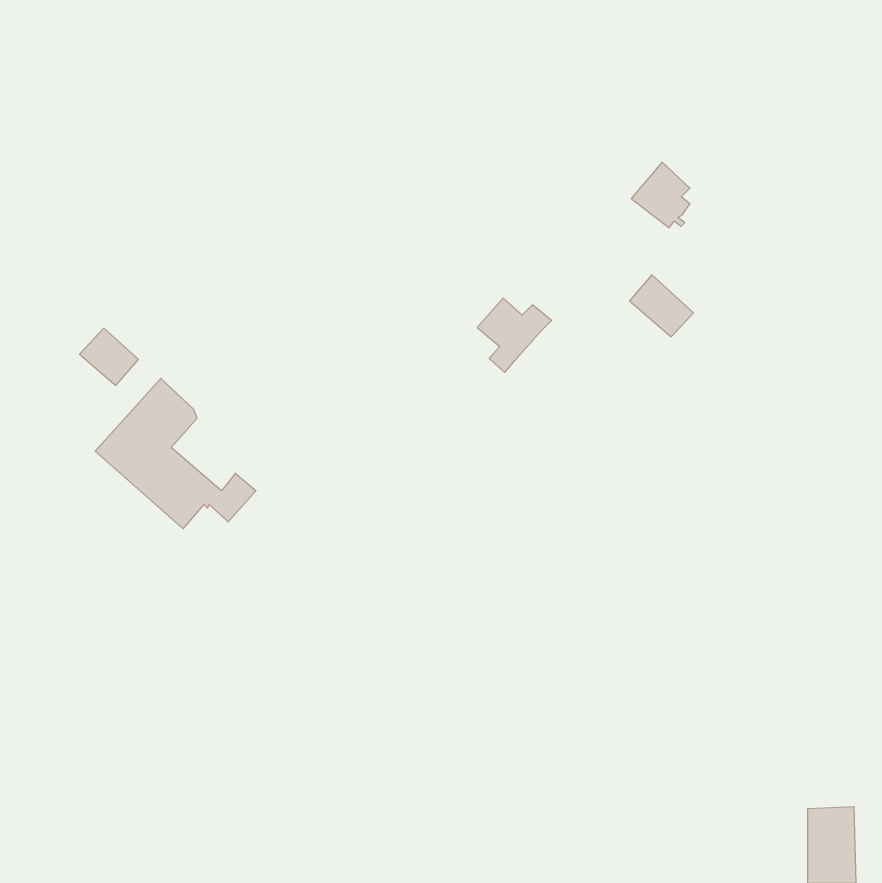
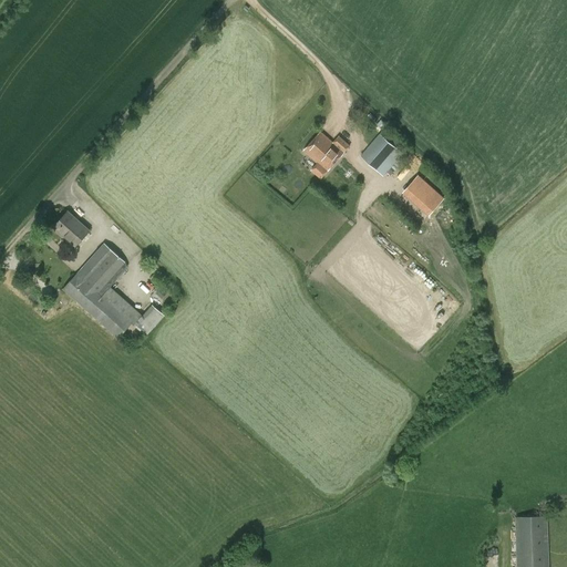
building: [631,162,690,228] -> [359,133,396,175]
building: [477,298,552,372] -> [302,132,350,179]

